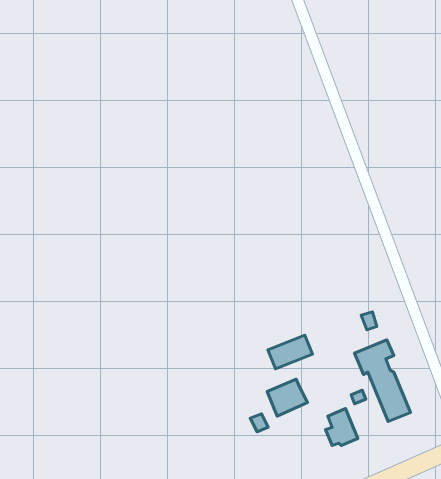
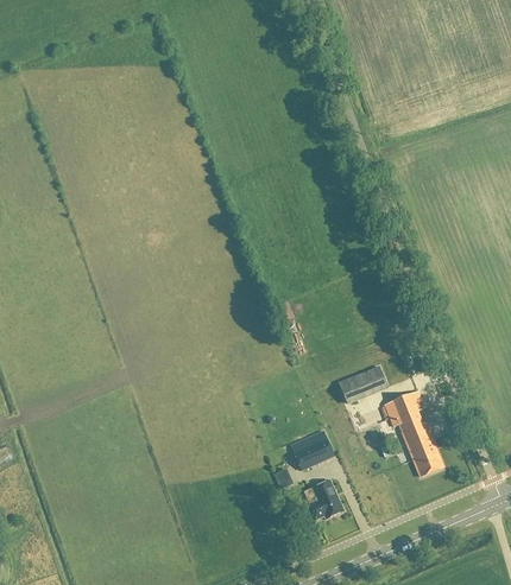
building: [268,335,313,369] -> [337,365,385,401]
building: [325,408,358,445] -> [308,479,342,519]

